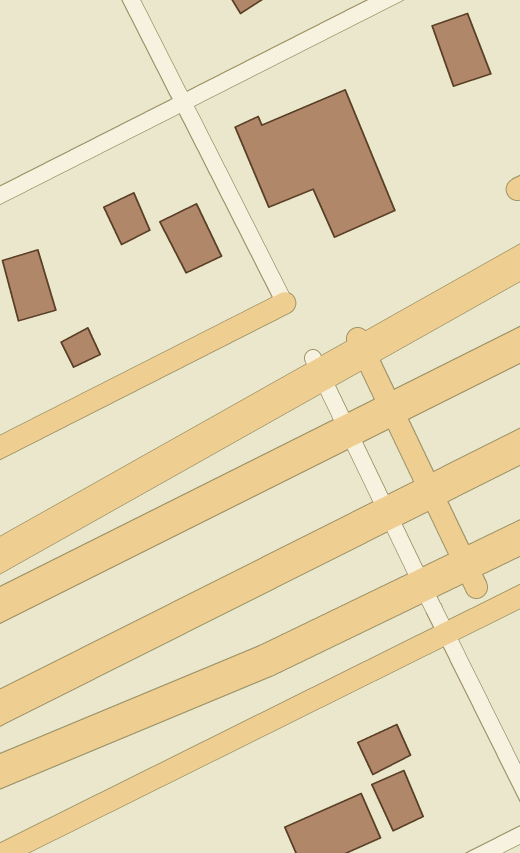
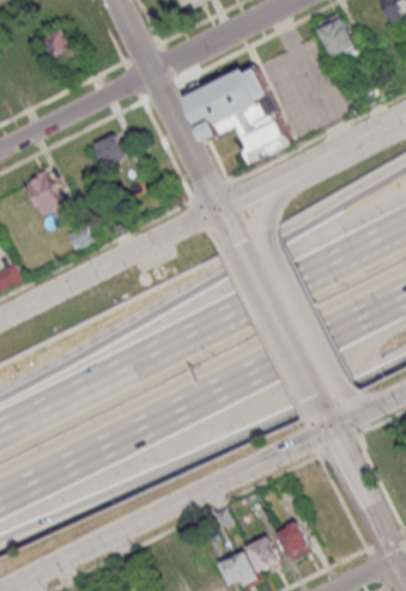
building: none -> [41,29,74,66]
building: [160,204,221,273] -> none
building: [358,724,410,774] -> none

